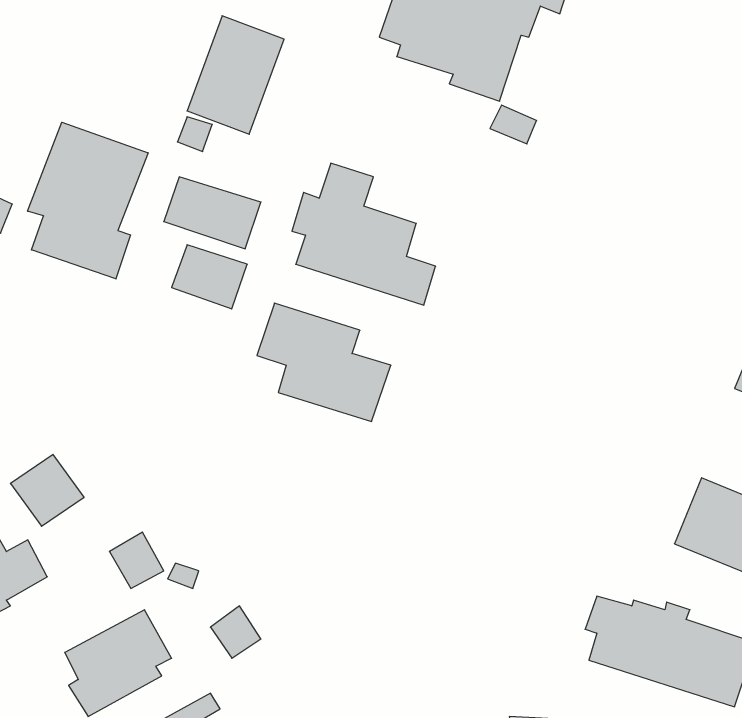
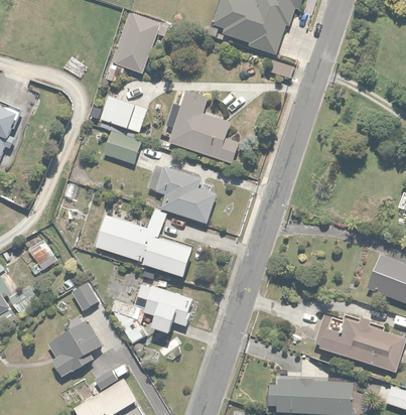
building: [28,122,148,279] -> none
building: none -> [93,210,192,276]
building: none -> [134,282,194,334]

